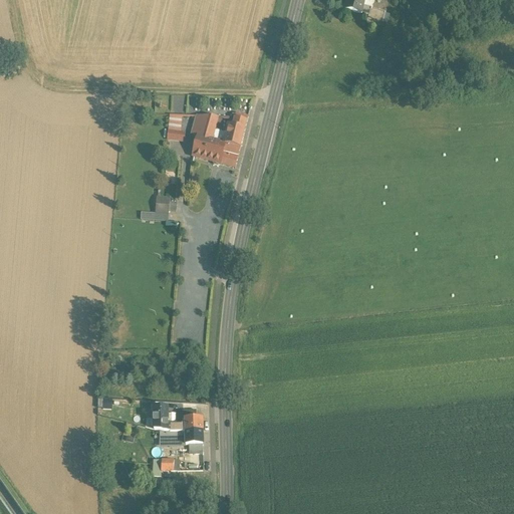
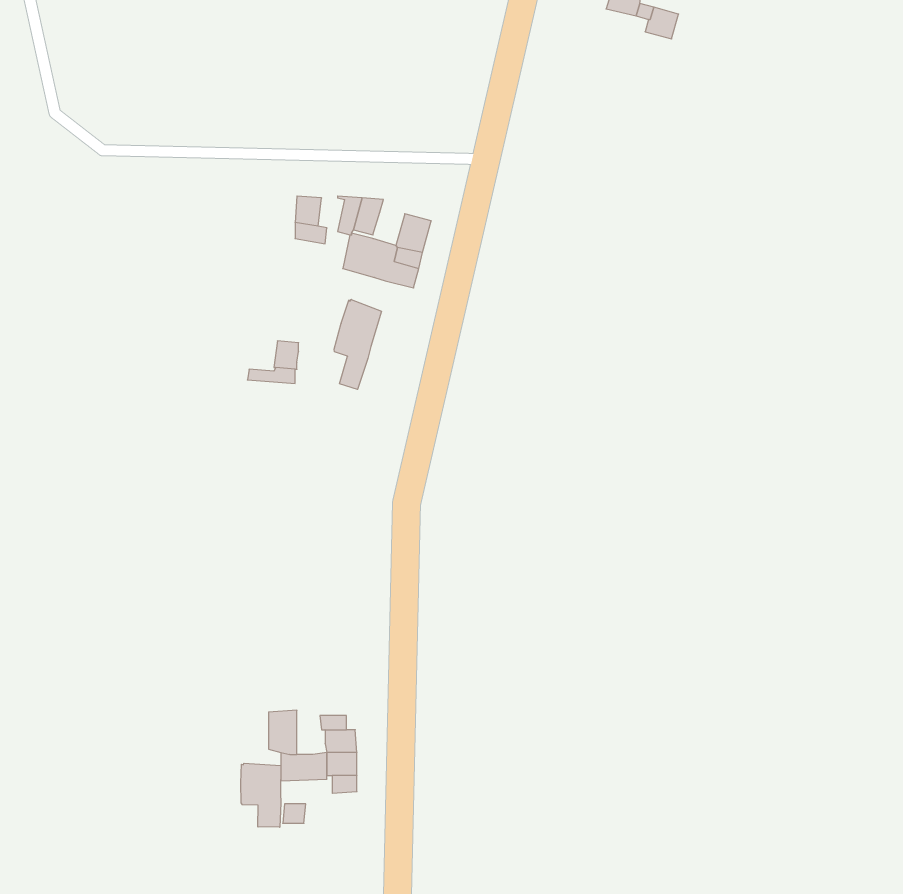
building: none -> [334,299,382,389]
building: none -> [241,763,281,827]

